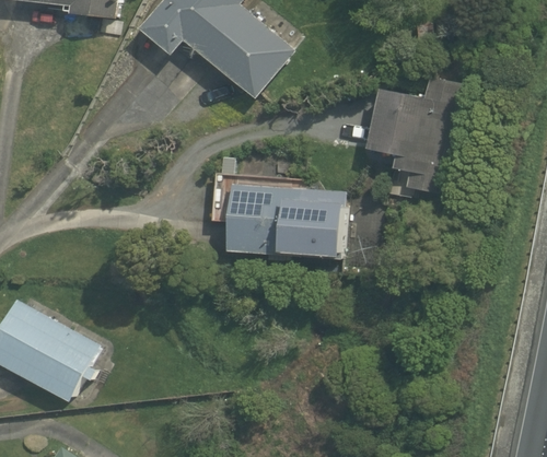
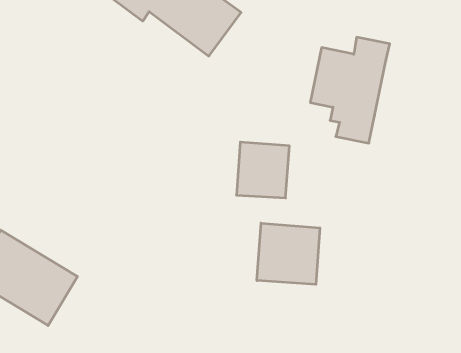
building: [231,181,290,255] -> none
building: none -> [257,223,320,284]

